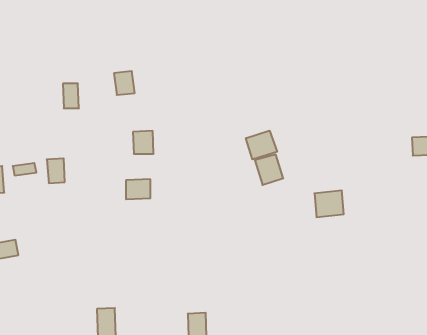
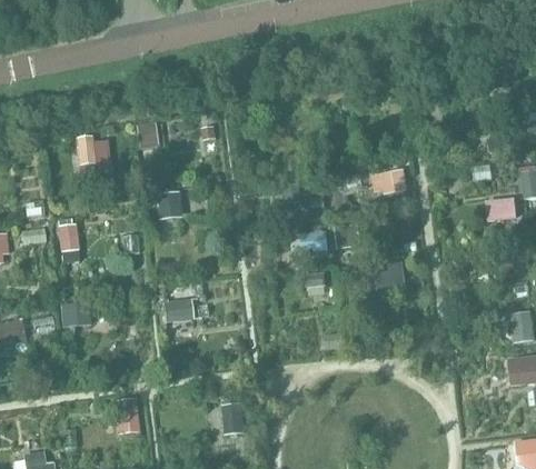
building: none -> [371,169,408,192]
building: [246,131,277,159] -> none
building: [126,179,150,199] -> [165,298,193,321]
building: none -> [62,301,90,326]

